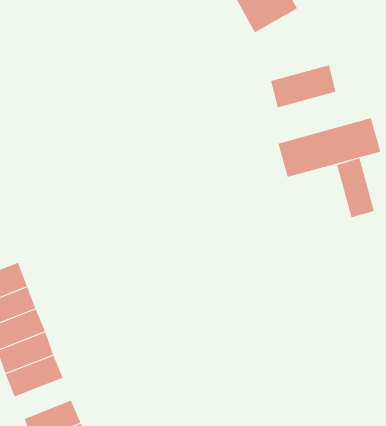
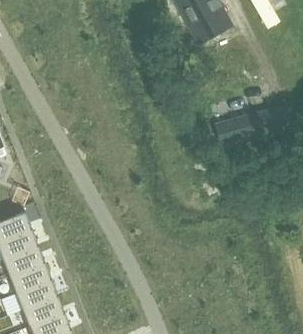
building: [270,64,336,108] -> none
building: [336,158,375,218] -> none
building: none -> [22,296,64,326]

